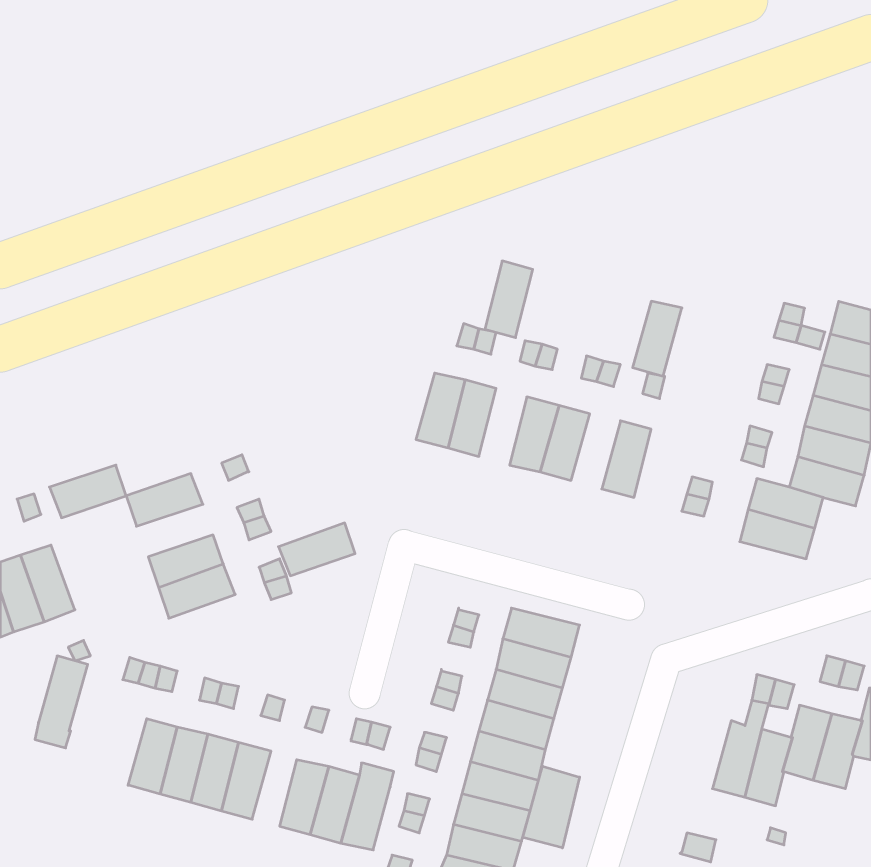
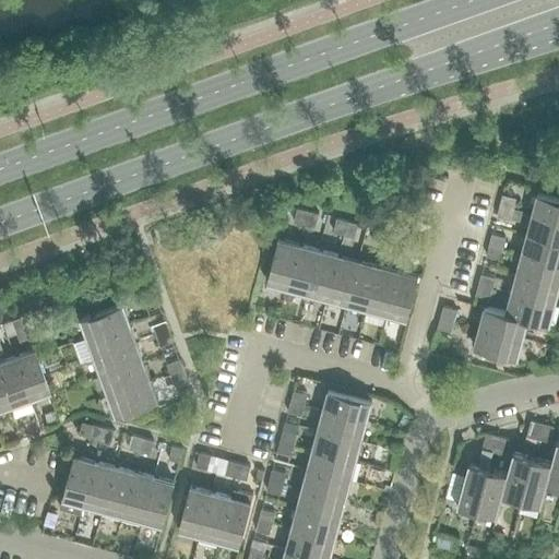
building: [485,261,533,338] -> [307,251,337,300]
building: [633,301,682,376] -> [366,267,397,316]
building: [49,465,126,518] -> [87,325,136,359]
building: [278,523,355,576] -> [108,383,157,417]
building: [35,656,88,748] -> [60,457,94,516]
building: [523,766,580,848] -> none

